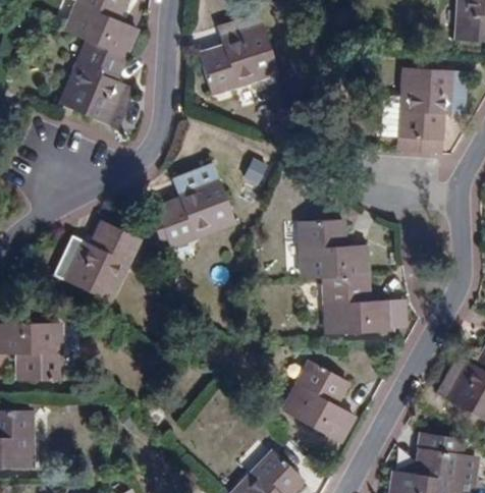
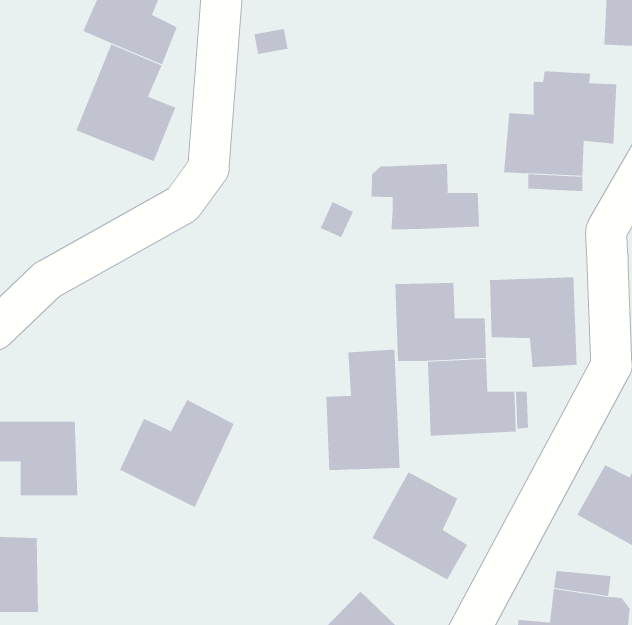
building: [199,12,278,94] -> none
building: none -> [371,163,479,230]
building: [155,163,235,247] -> none
building: none -> [490,277,577,368]
building: [53,221,140,303] -> [119,399,234,508]
building: none -> [326,349,400,471]

